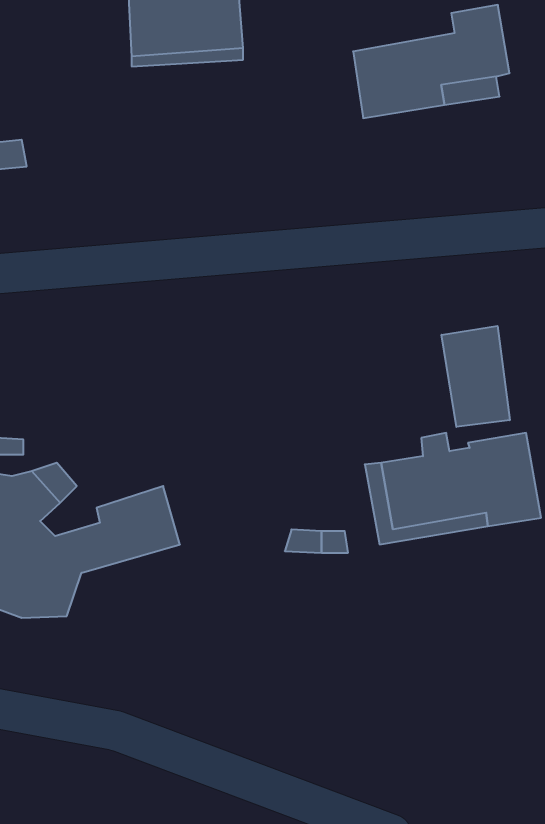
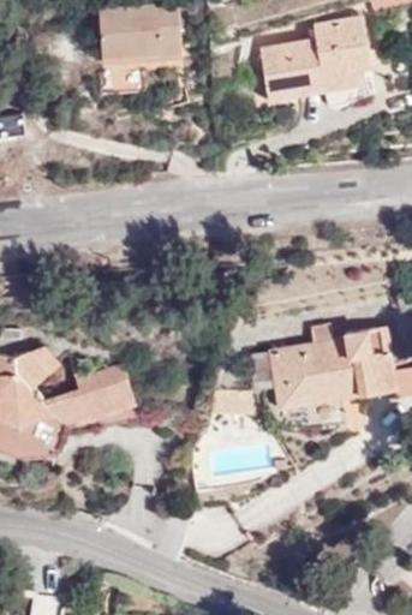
building: [442,326,510,427] -> none

